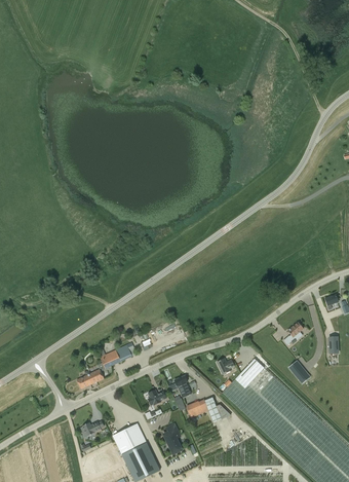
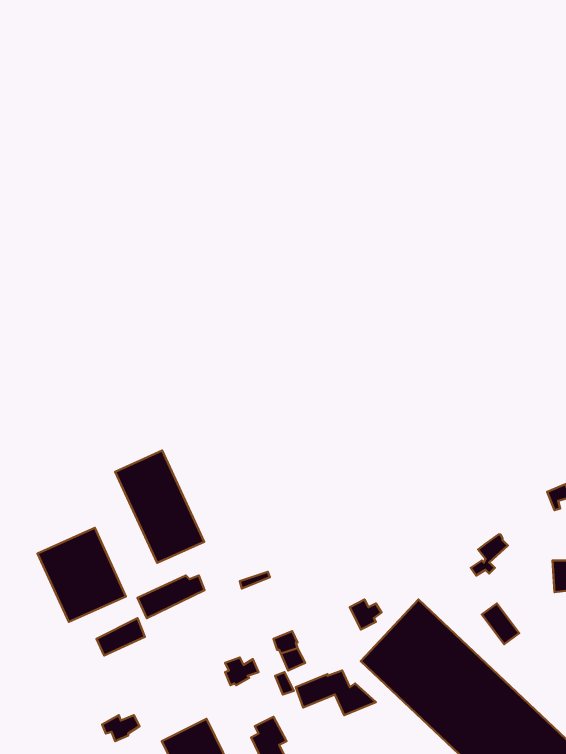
building: none -> [115,451,204,563]
building: none -> [38,528,126,622]

